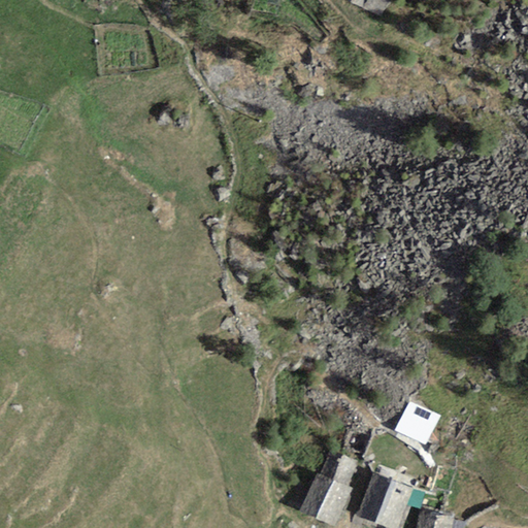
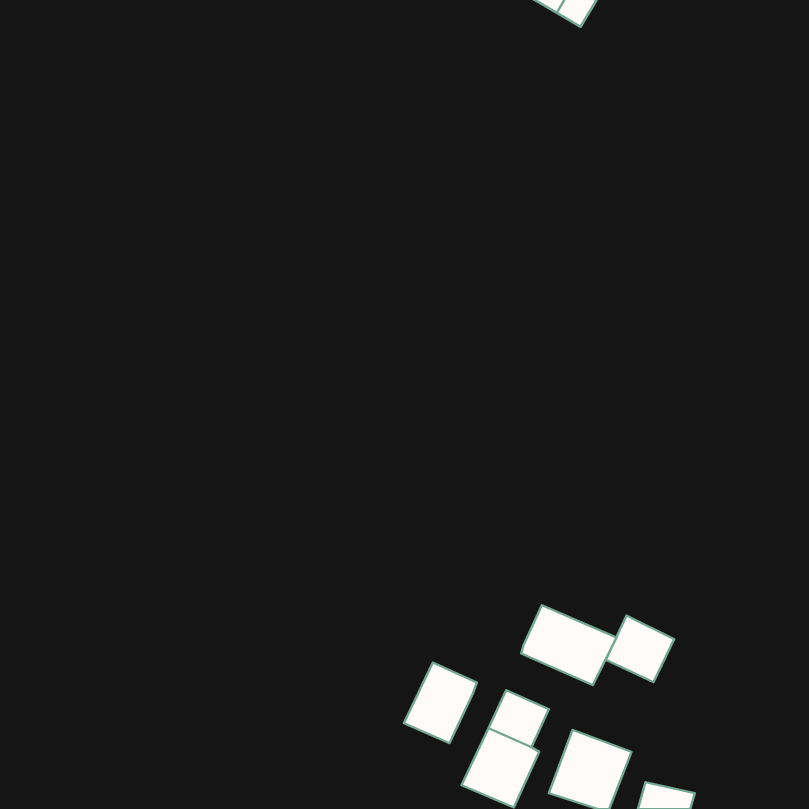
building: none -> [521,605,616,685]
building: none -> [404,662,477,743]

